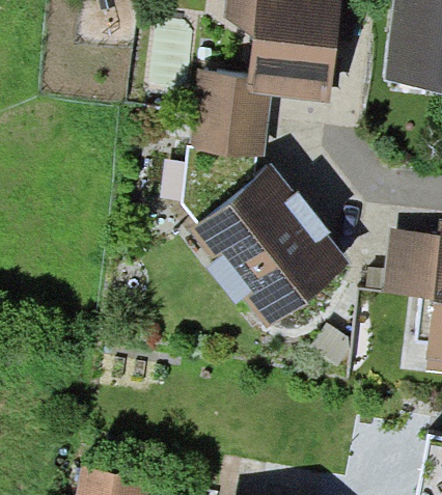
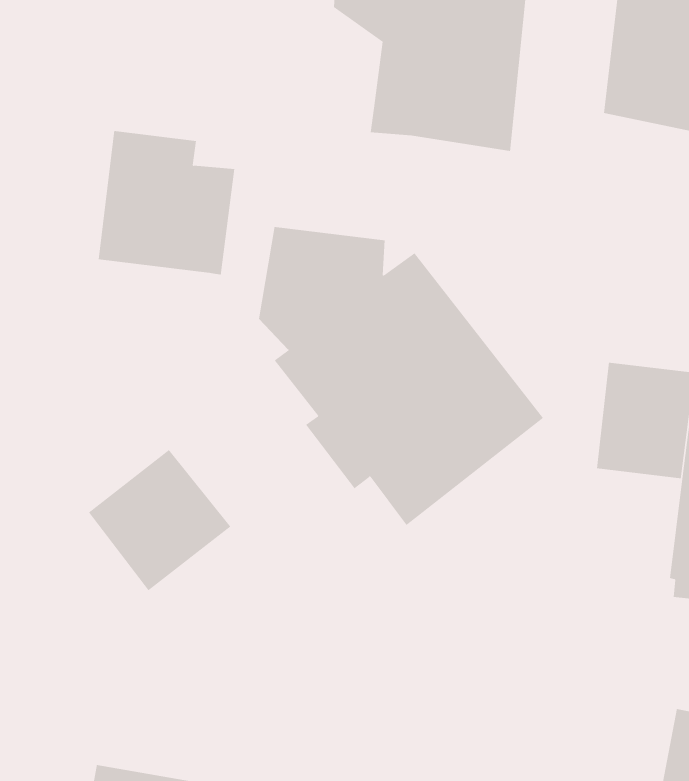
building: [190,71,272,157] -> [98,131,235,275]
building: none -> [88,449,231,591]

